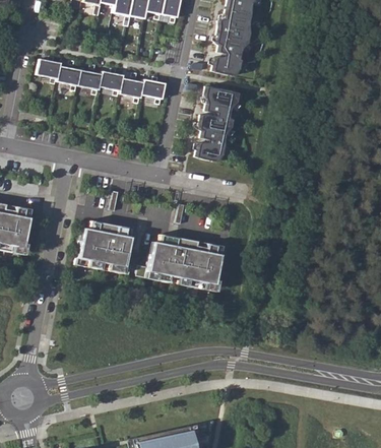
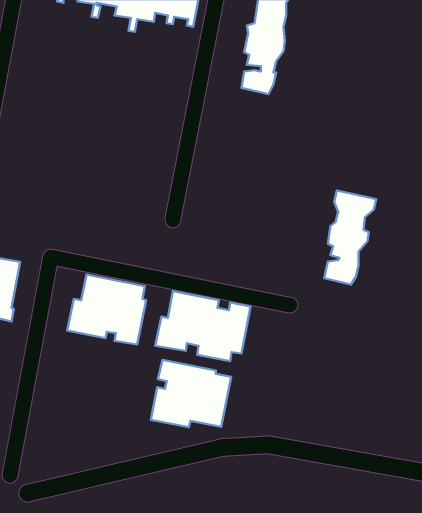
building: [37,56,166,104] -> none
building: [197,86,239,162] -> [324,190,376,284]
building: none -> [151,360,231,427]

